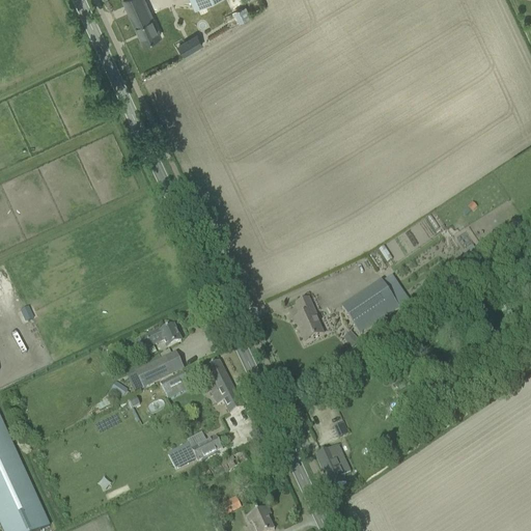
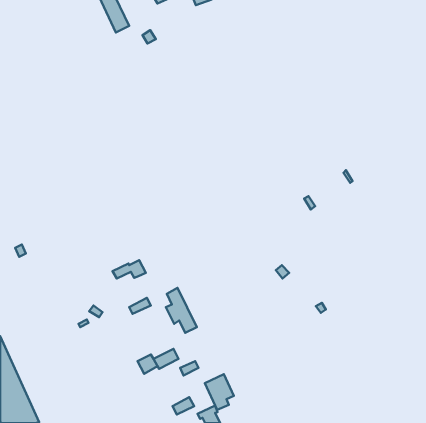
building: [341,278,399,332] -> none
building: [295,296,324,340] -> none
building: [135,355,173,385] -> none
building: [315,443,352,487] -> [205,374,234,410]

